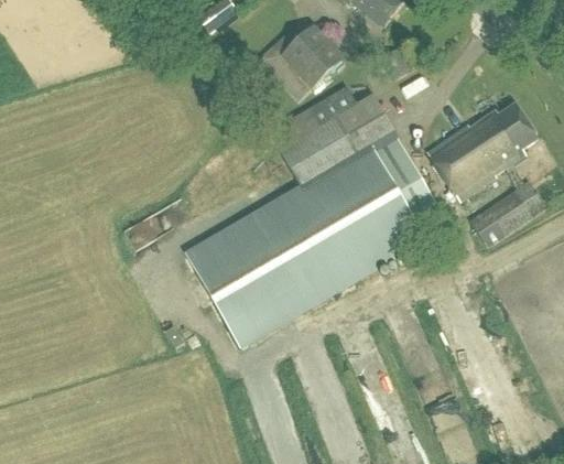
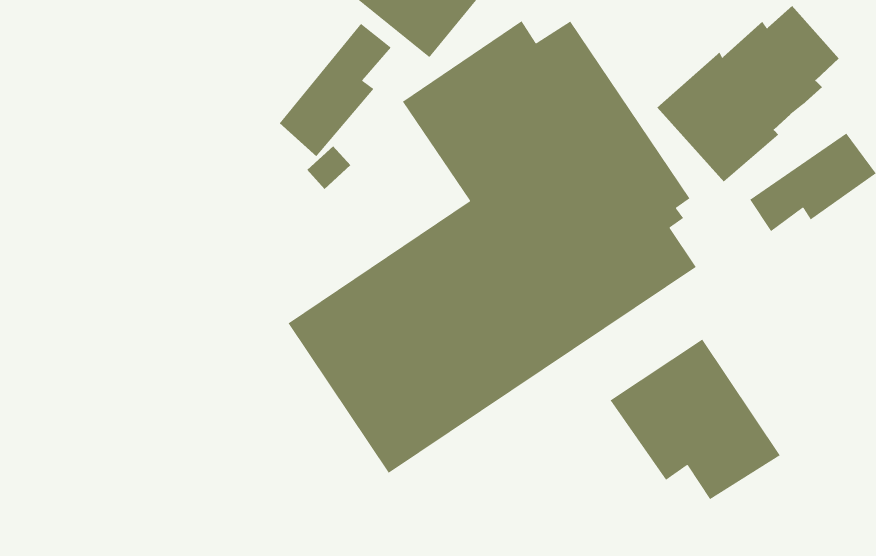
building: none -> [279,23,392,157]
building: none -> [610,339,781,500]

